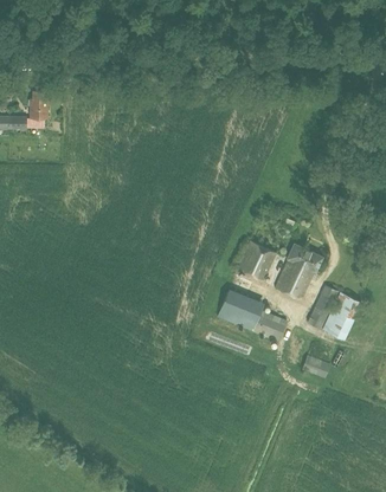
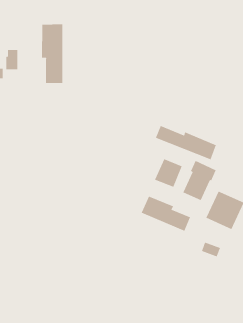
building: none -> [41,24,63,84]
building: none -> [155,125,216,160]

